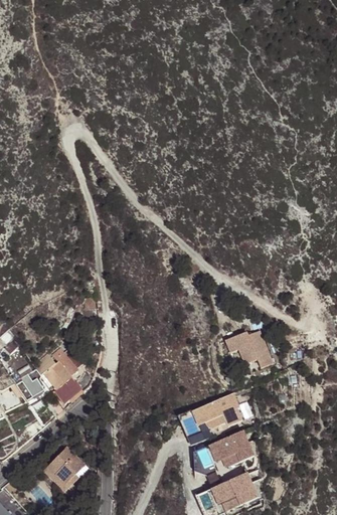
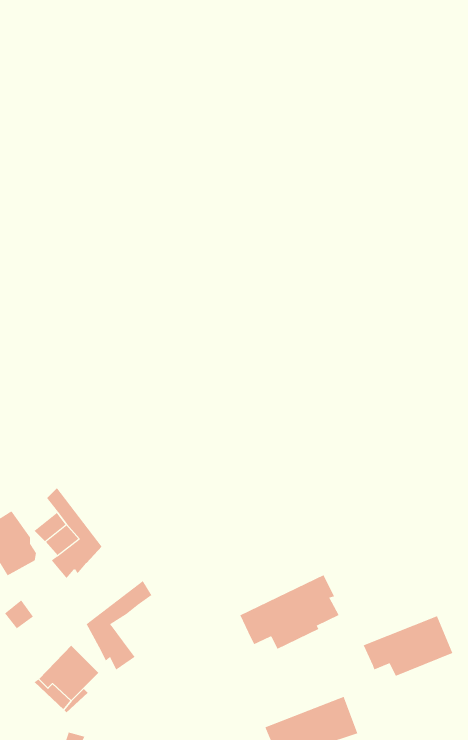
building: [220,332,269,369] -> none
building: none -> [86,580,152,670]
building: [192,435,250,474] -> [363,616,453,676]

